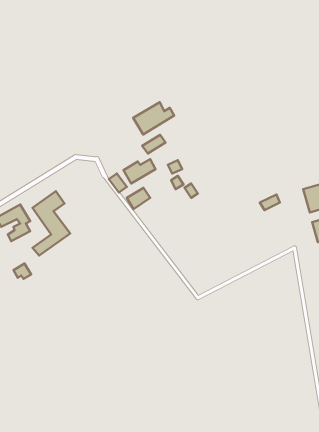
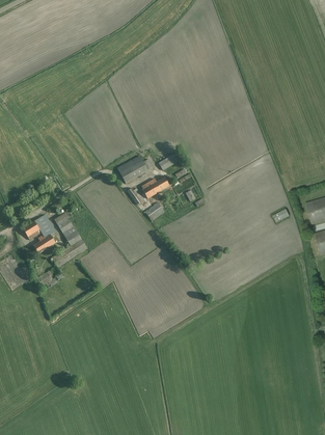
building: [133,102,174,134] -> [114,153,153,183]

